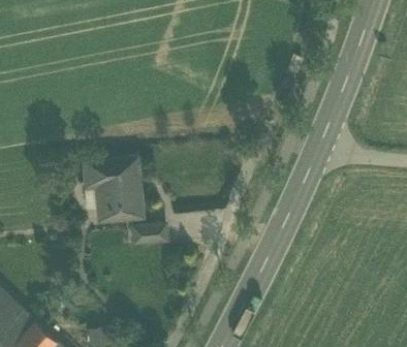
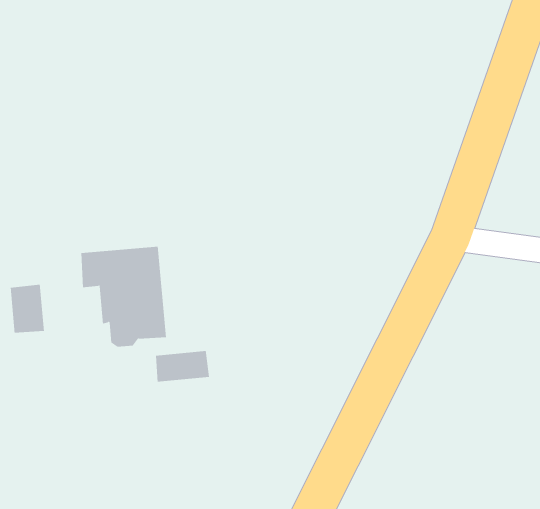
building: none -> [10,284,45,333]

